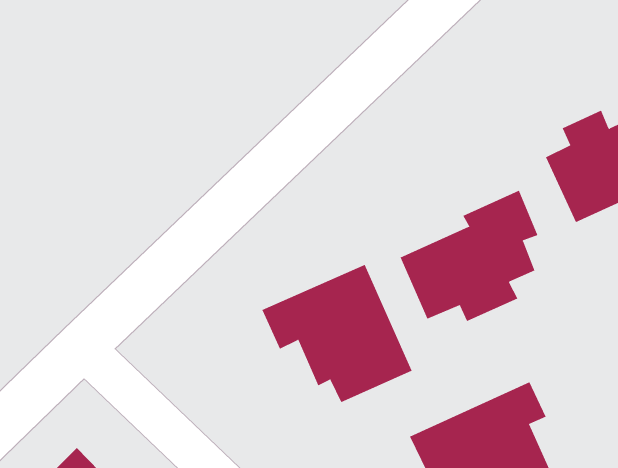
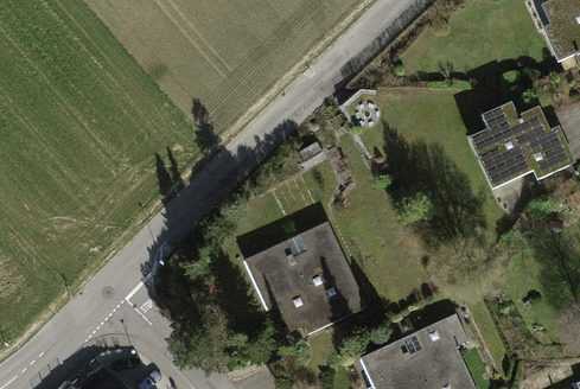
building: [400,190,538,322] -> none

